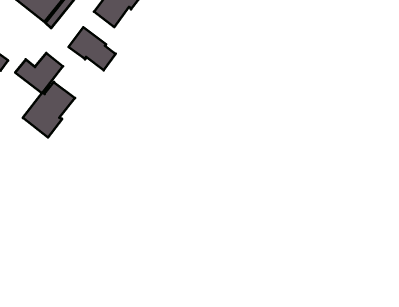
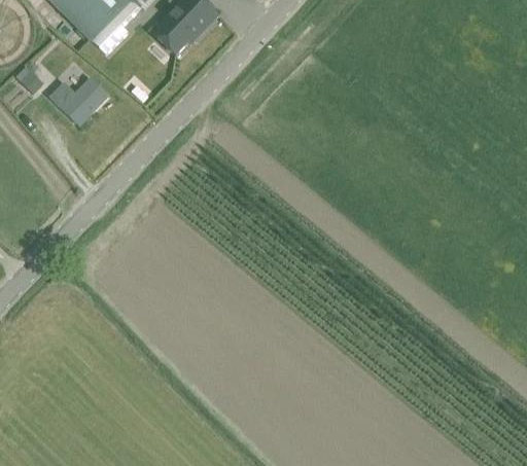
building: [69,27,116,70] -> none
building: [23,82,75,137] -> none

